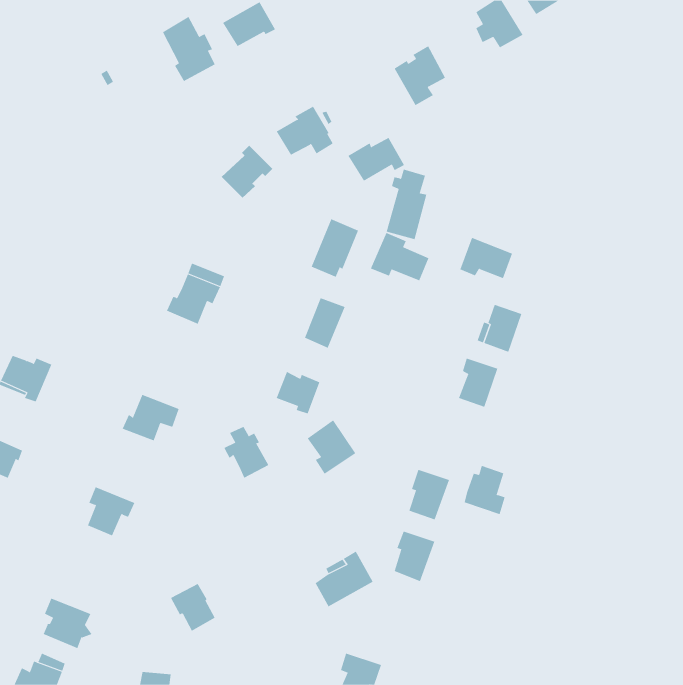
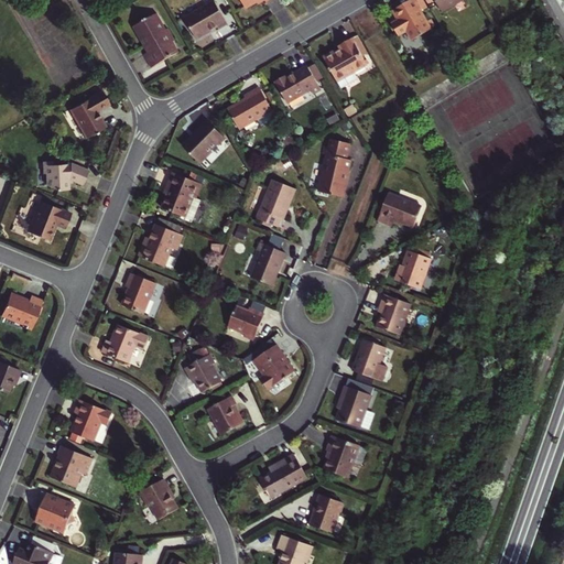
building: none -> [69,90,108,138]
building: [347,137,405,181] -> [273,66,321,102]
building: none -> [41,162,87,189]
building: none -> [161,172,202,219]
building: [370,232,429,281] -> none
building: none -> [26,200,69,240]
building: none -> [121,273,155,314]
building: [464,465,505,515] -> [351,340,386,381]
building: none -> [206,395,241,434]
building: none -> [51,446,93,487]
building: none -> [310,495,343,533]

